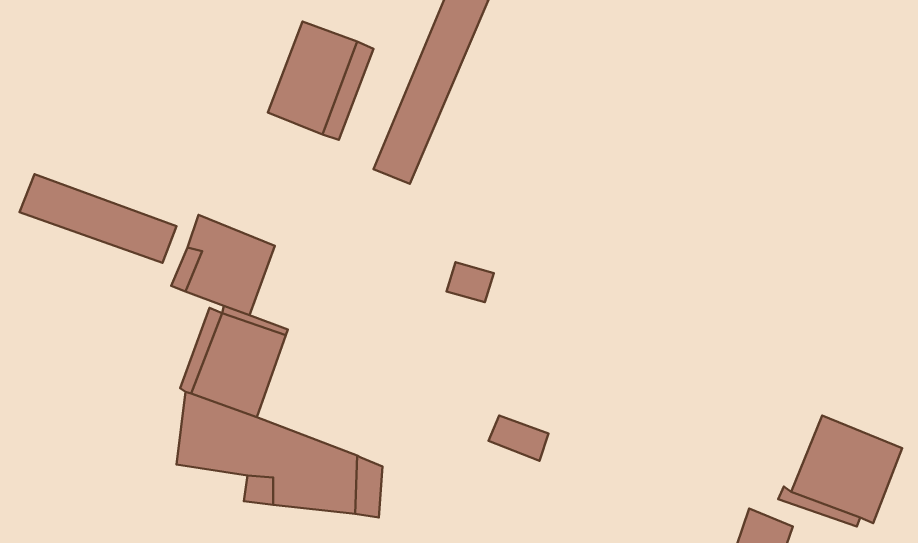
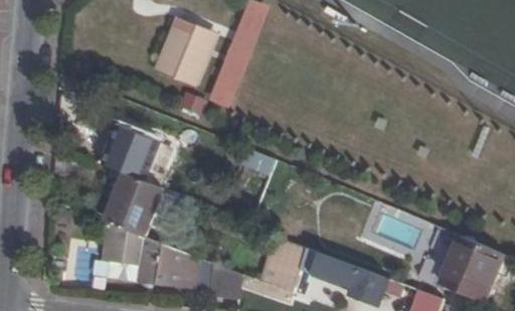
building: [20,174,176,263] -> none
building: none -> [260,251,300,291]
building: none -> [311,252,385,302]
building: none -> [211,265,242,297]

